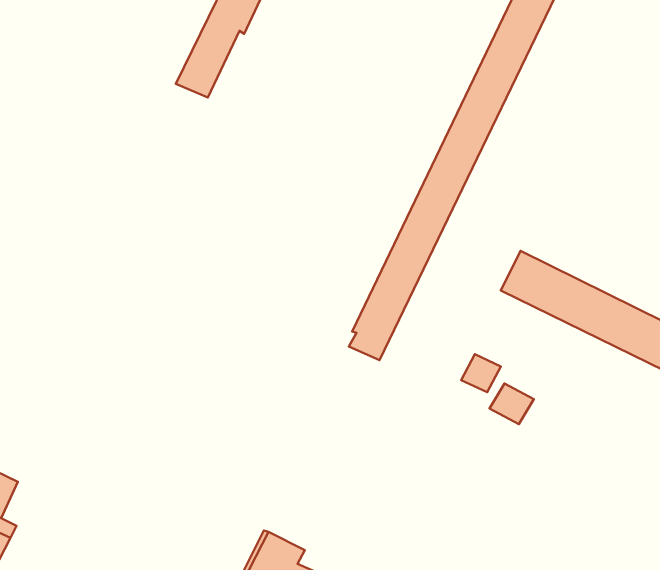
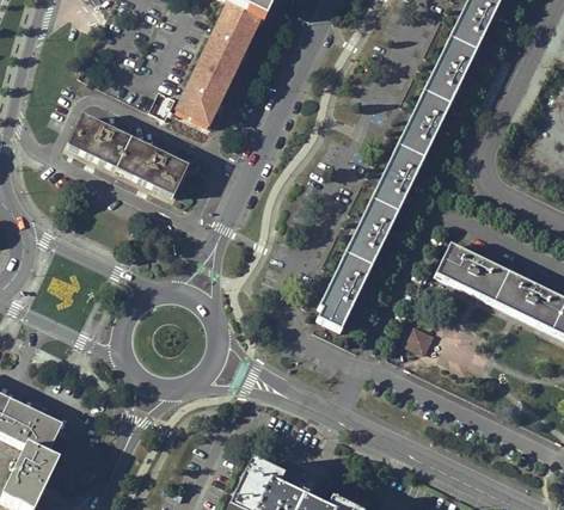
building: none -> [75,119,184,191]
building: [489,383,534,424] -> none

